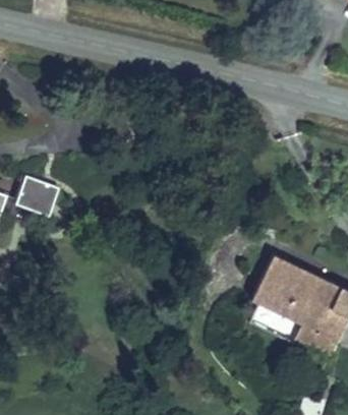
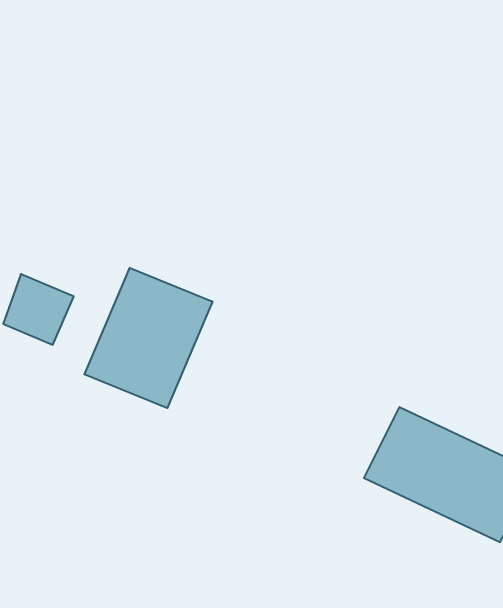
building: none -> [84,268,212,408]

